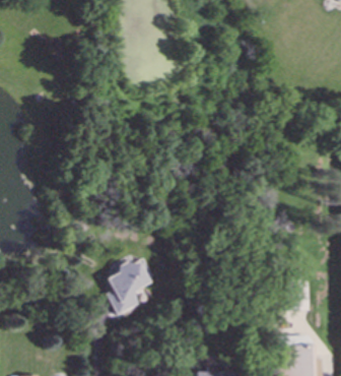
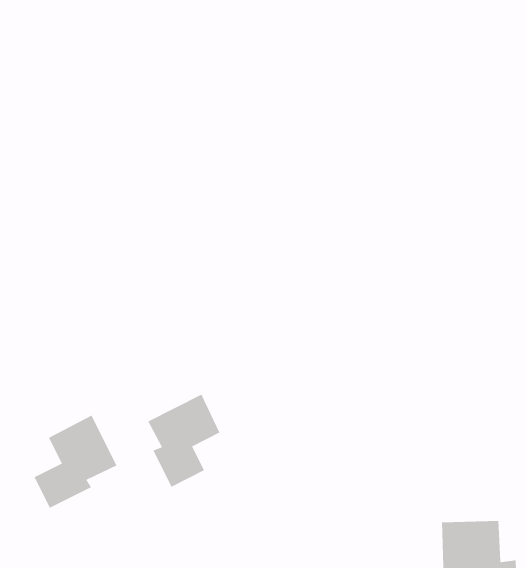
building: none -> [33,415,118,509]

